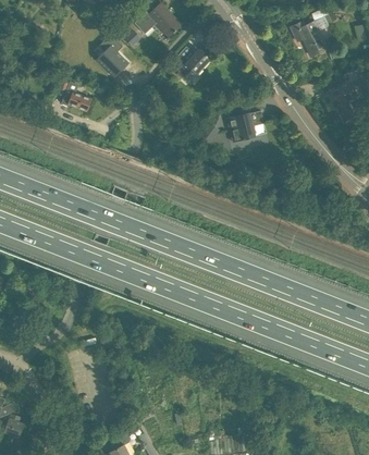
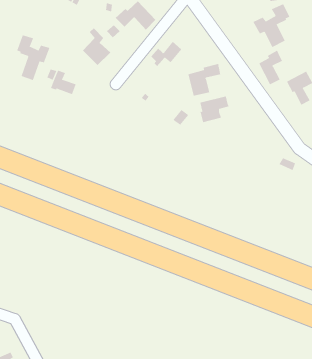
building: none -> [17,34,50,81]
building: none -> [258,50,283,85]
building: none -> [188,63,221,97]

